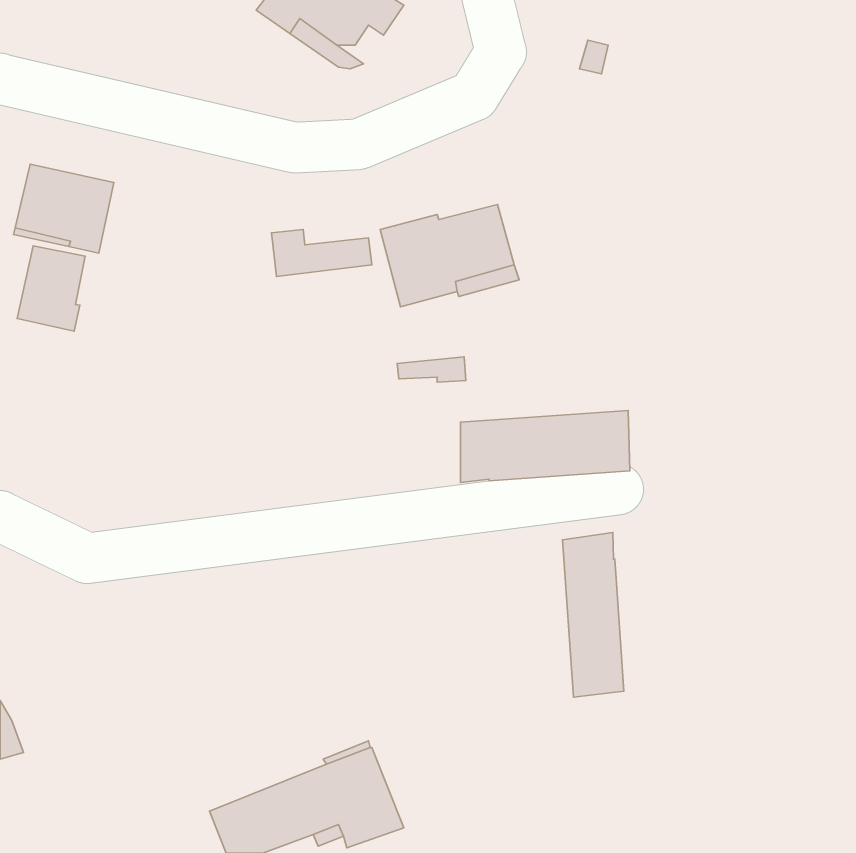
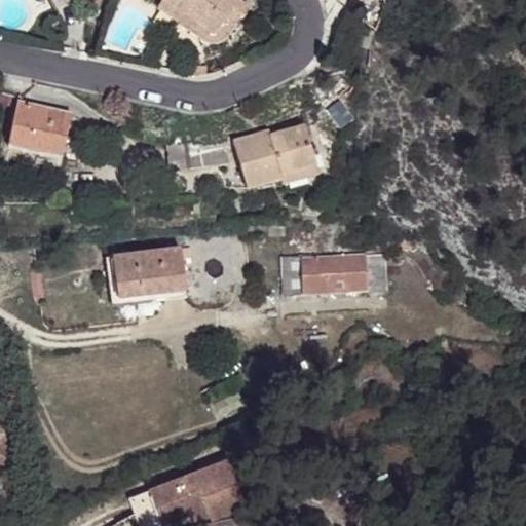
building: [17,246,85,331] -> none
building: none -> [113,248,185,298]
building: [562,532,624,697] -> none

